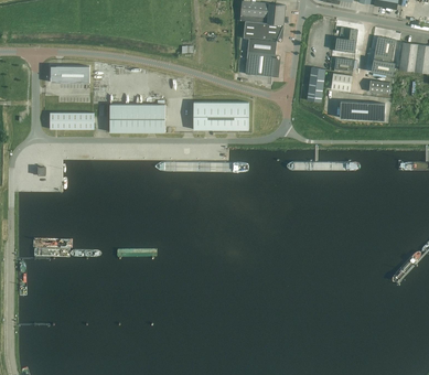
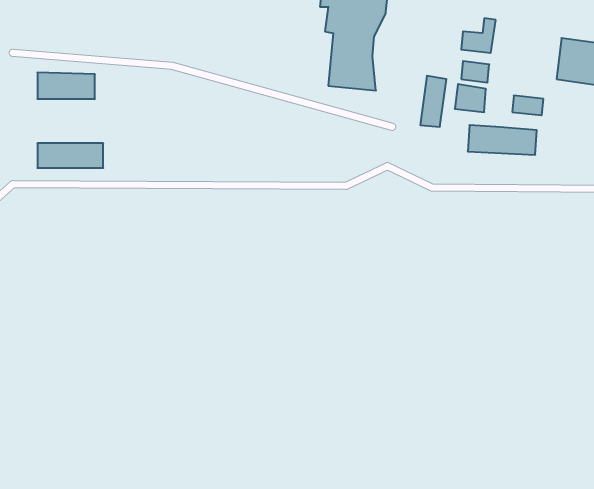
building: [371,36,395,76] -> none
building: [193,101,248,130] -> none
building: [109,105,164,132] -> none

